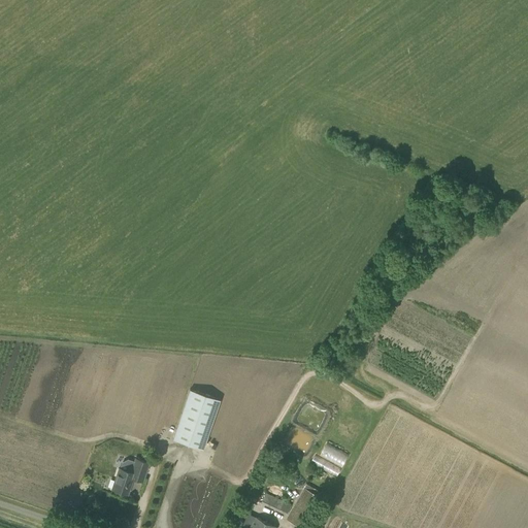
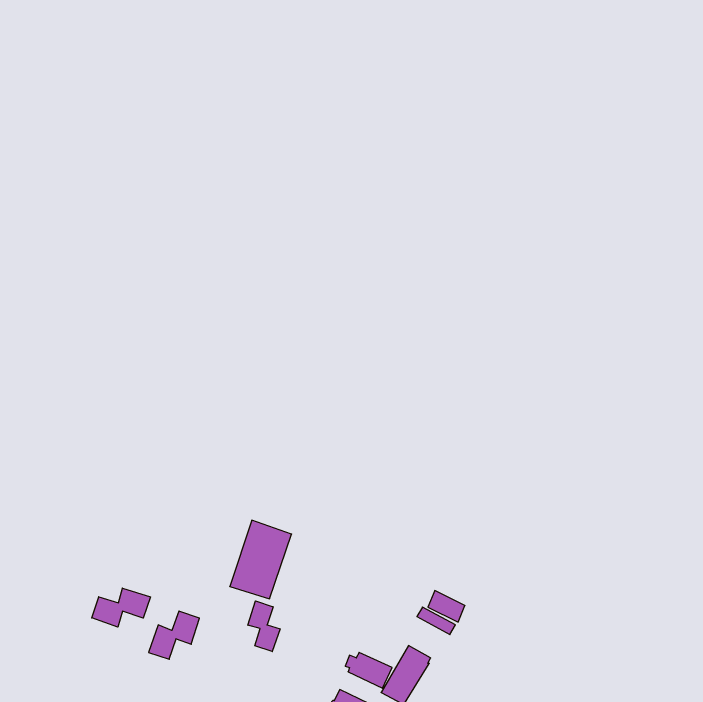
building: none -> [92,588,150,627]
building: none -> [248,601,280,652]

